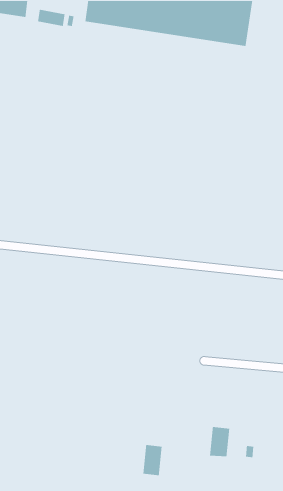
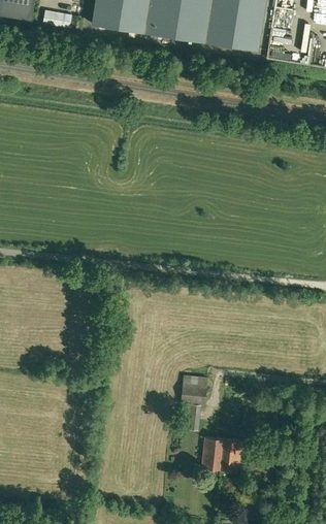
building: none -> [182,375,207,403]
building: [143,444,163,476] -> [202,436,223,469]

